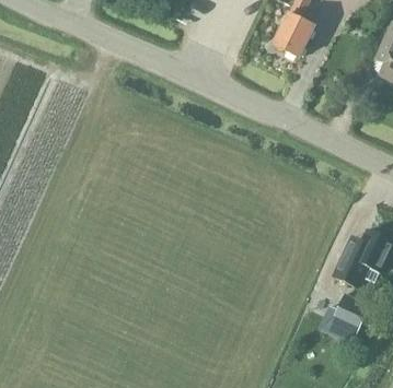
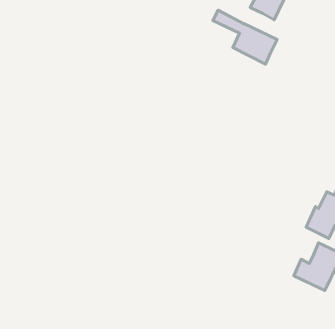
building: none -> [213,10,277,64]

